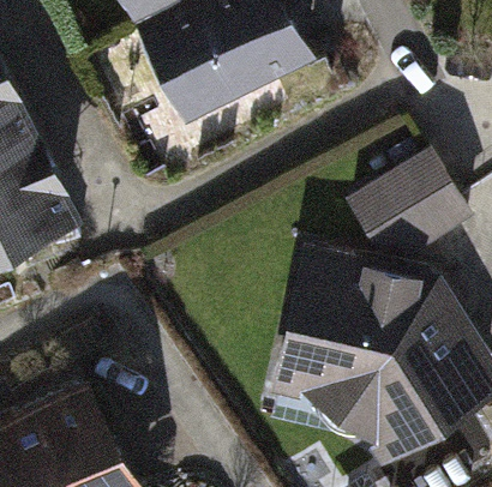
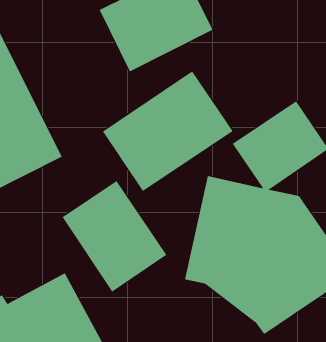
building: none -> [102,71,233,192]
building: none -> [62,180,167,292]

